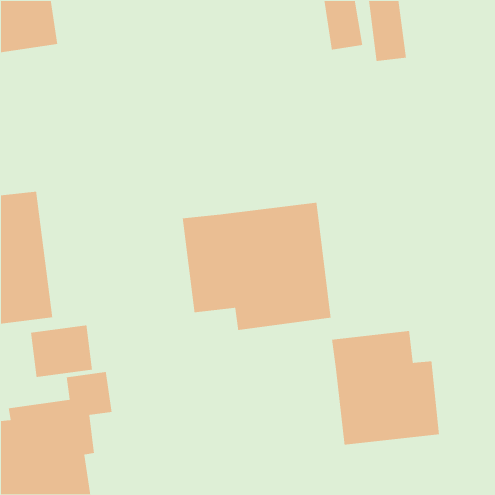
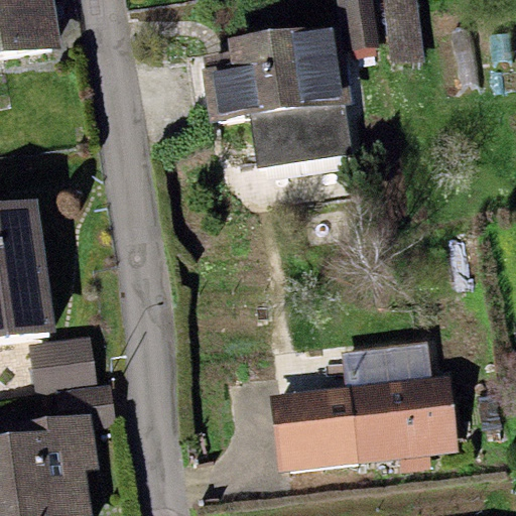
building: none -> [201,24,351,166]
building: [182,202,332,331] -> none
building: none -> [268,384,358,473]

